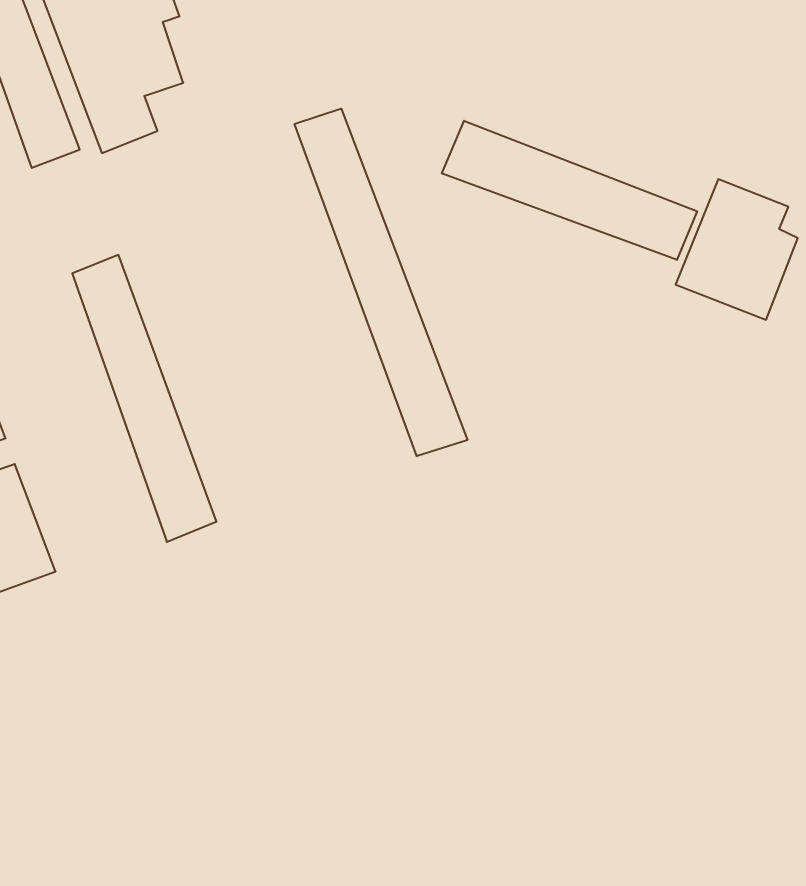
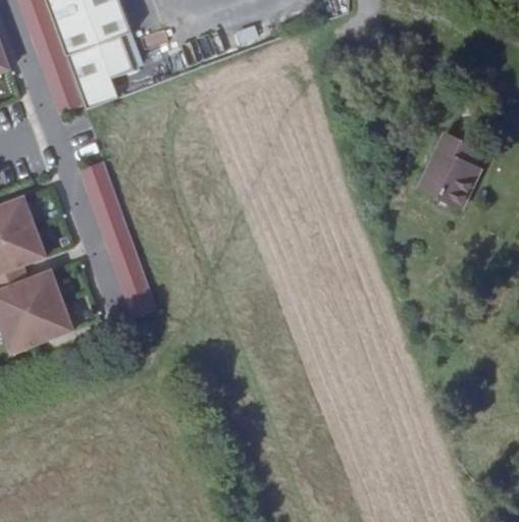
building: [295,109,467,456] -> none
building: [442,121,697,260] -> none

